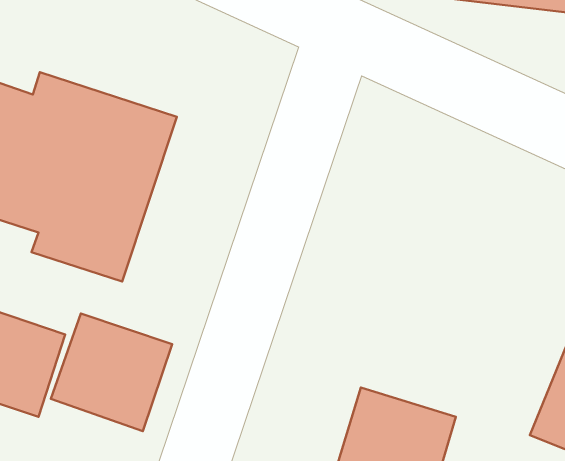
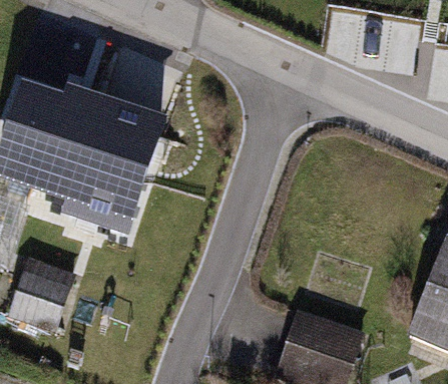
building: [51,314,172,431] -> none

